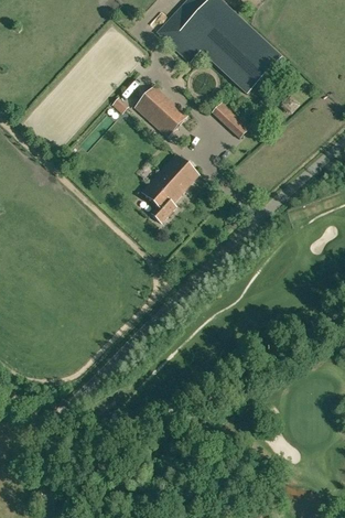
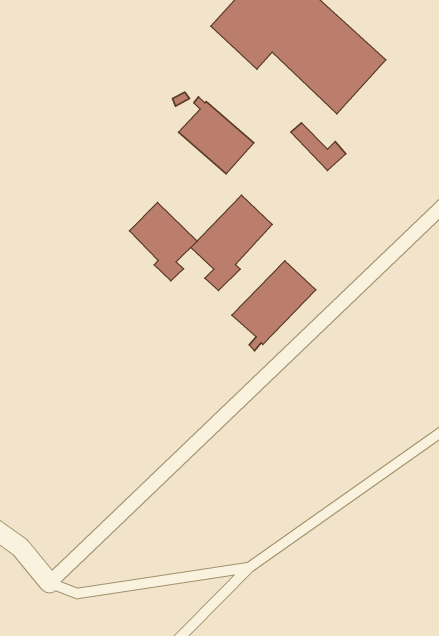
building: none -> [129,202,197,281]
building: none -> [232,261,316,351]

